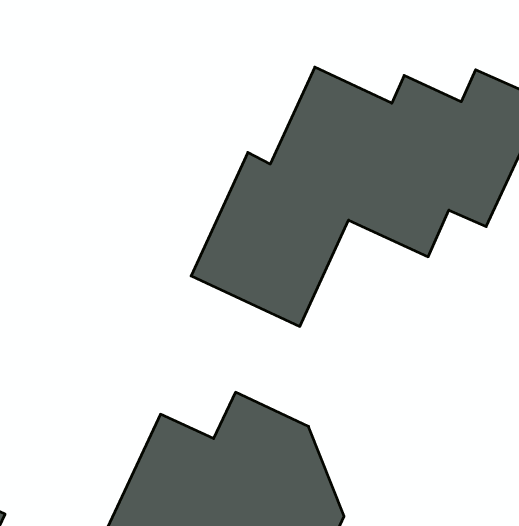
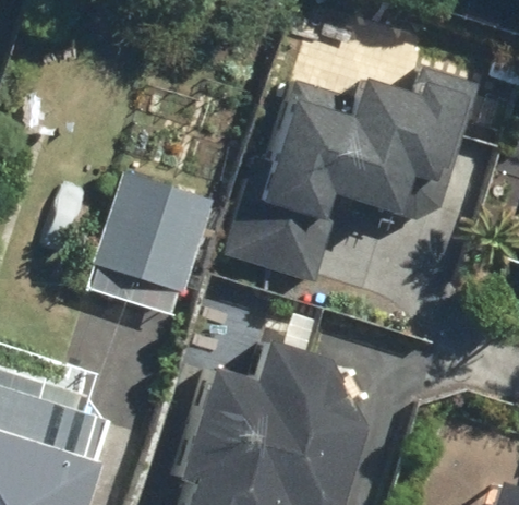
building: none -> [96,175,213,294]

